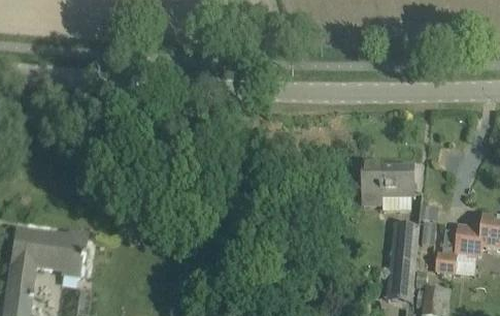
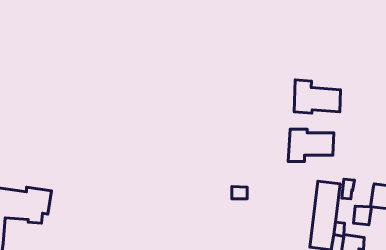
building: none -> [294,80,341,113]

